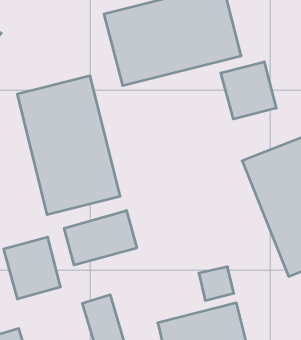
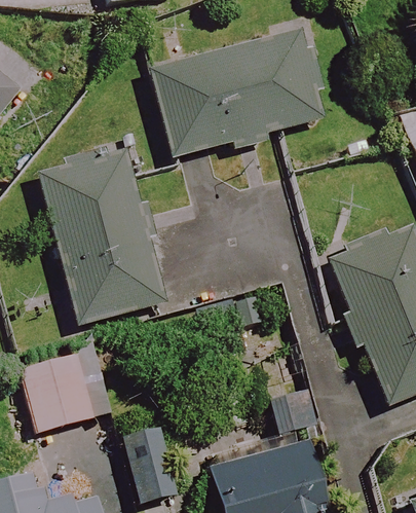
building: [221,62,276,119] -> none
building: [64,210,137,265] -> none

